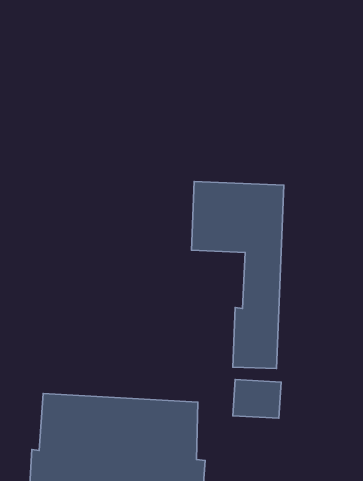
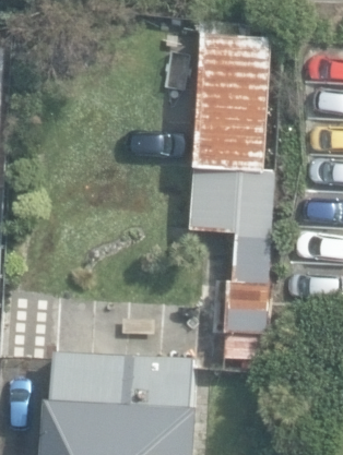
building: none -> [193,25,269,164]

